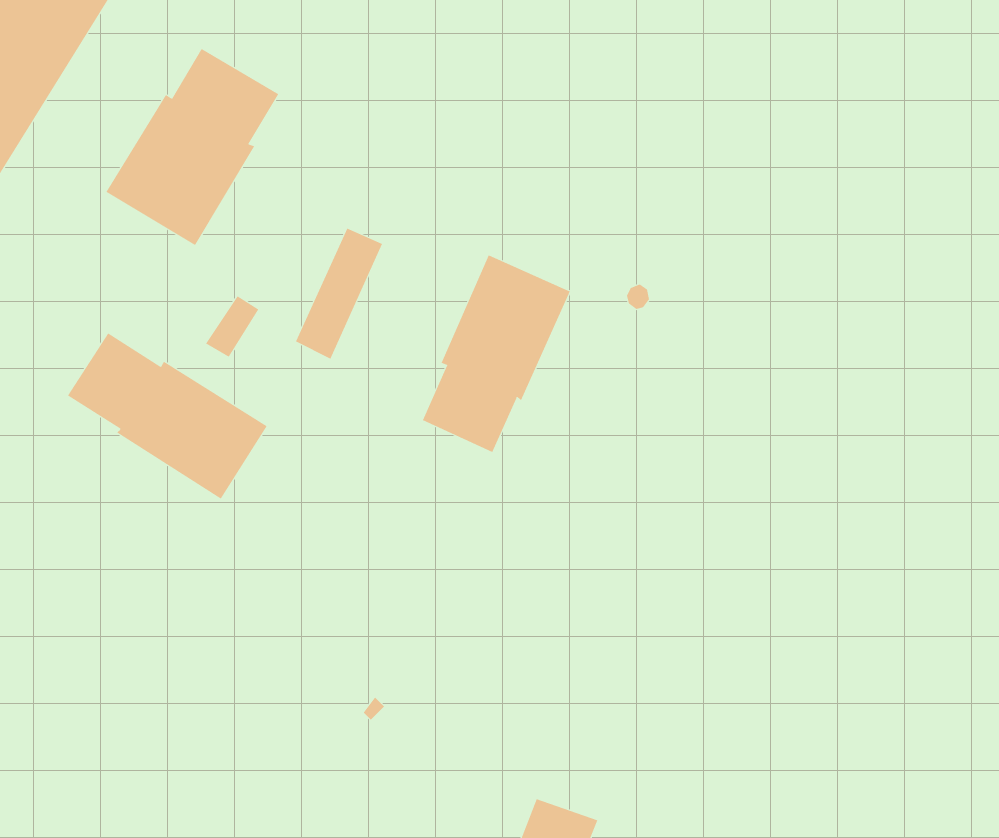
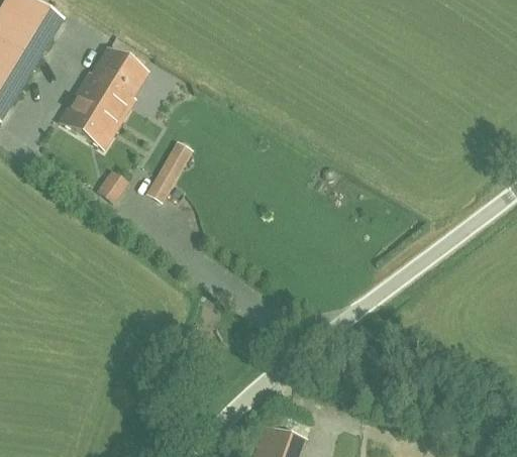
building: [422,255,571,453] -> none
building: [67,333,268,499] -> none

